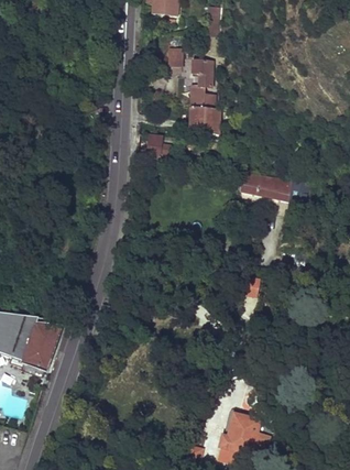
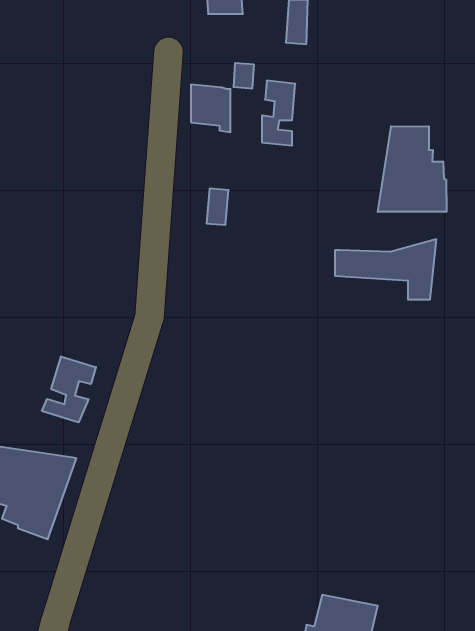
building: none -> [378,126,446,212]
building: [189,101,217,134] -> [191,84,231,132]
building: none -> [42,356,96,422]

